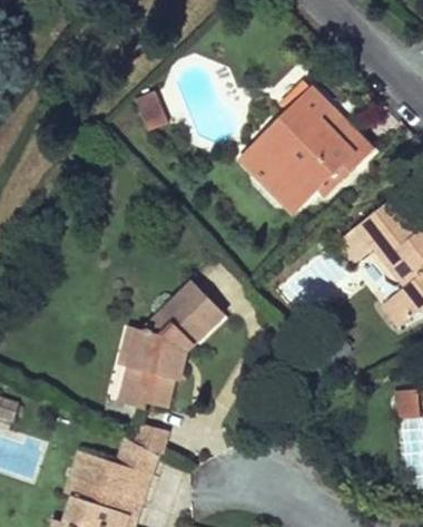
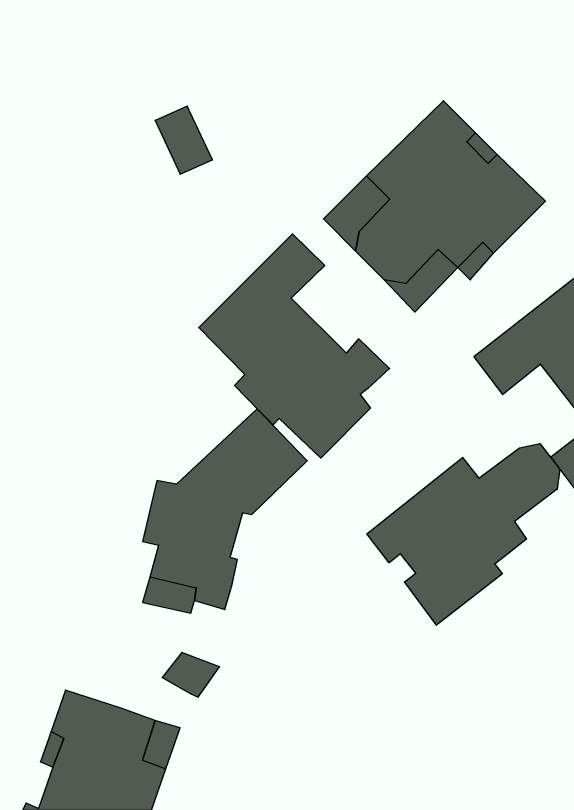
building: none -> [199,234,390,458]
building: none -> [367,444,560,625]
building: [111,435,155,475] -> none

